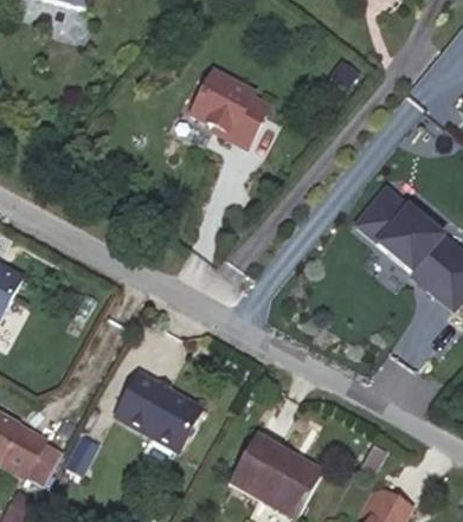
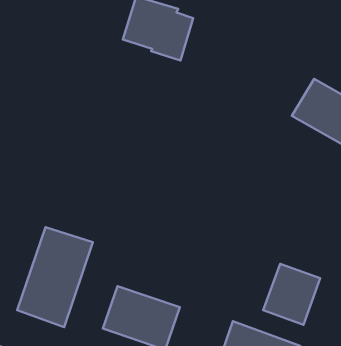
building: none -> [17,227,93,327]
building: none -> [263,264,320,325]

